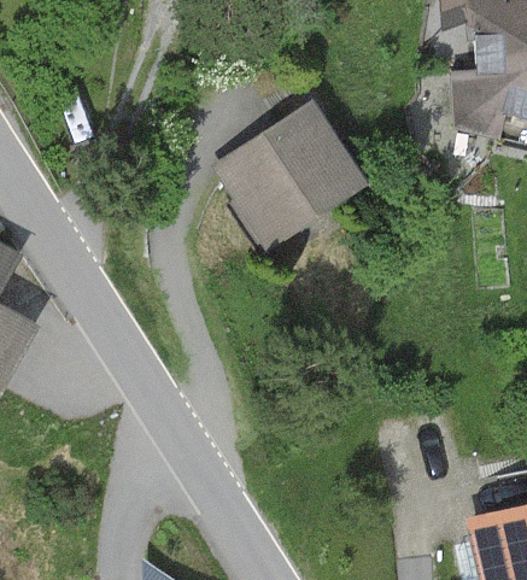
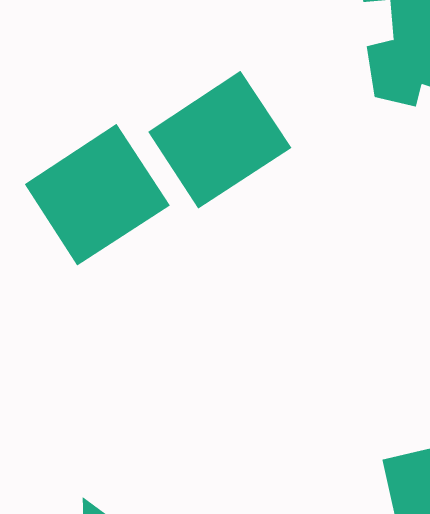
building: none -> [24,123,171,266]

